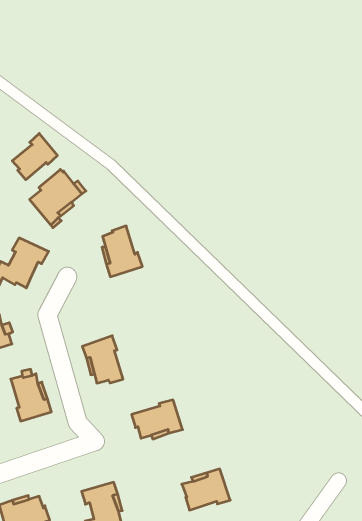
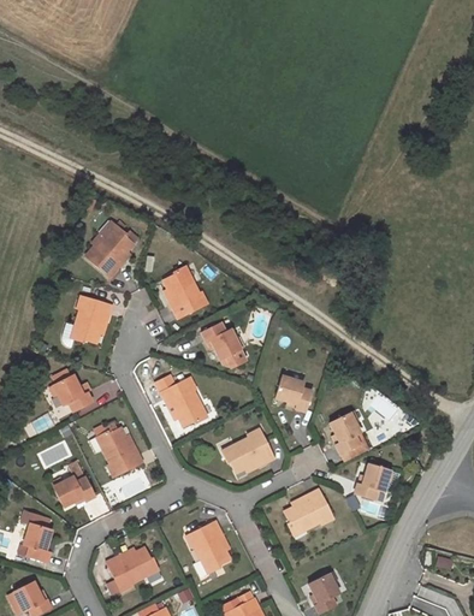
building: [12,133,57,180] -> none
building: none -> [200,322,244,367]
building: none -> [274,375,312,411]
building: none -> [328,411,360,455]
building: none -> [354,464,397,499]

